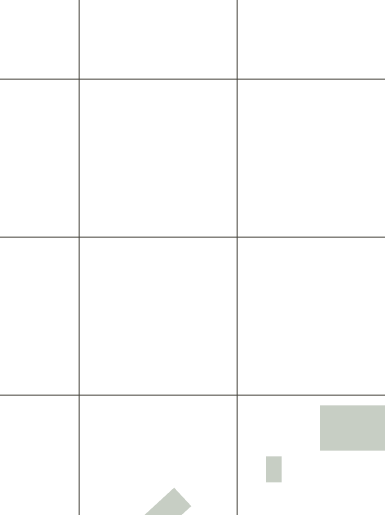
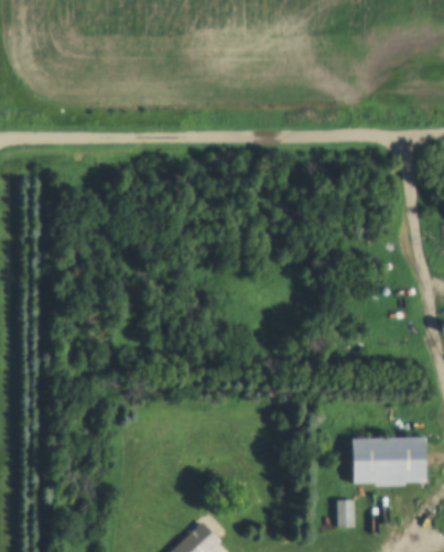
building: [265,456,282,483] -> [337,500,355,528]

